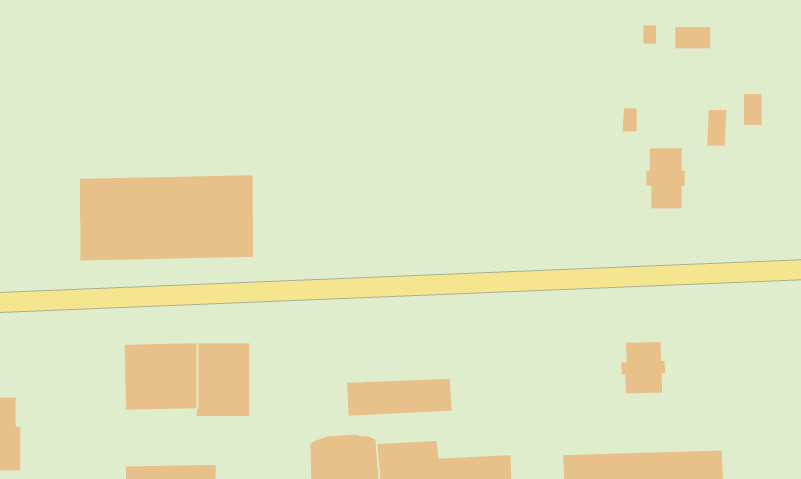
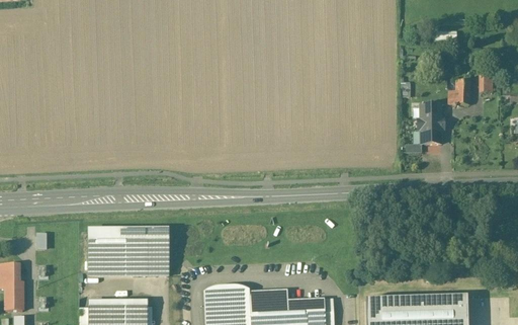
building: [79,175,254,261] -> none
building: [621,341,666,394] -> none
building: [346,378,452,416] -> none

